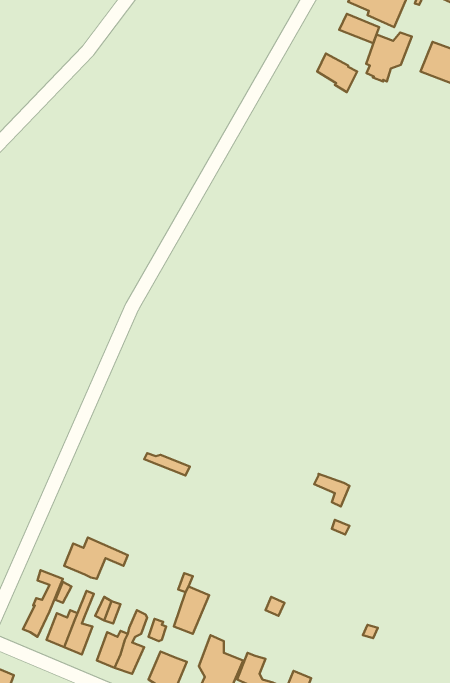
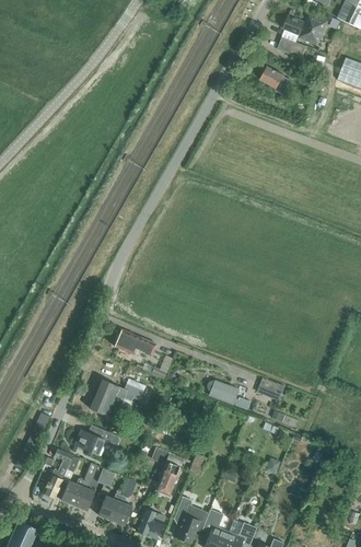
building: [366,33,412,82] -> none
building: none -> [114,329,156,357]
building: none -> [91,380,147,419]
building: none -> [207,380,251,411]

